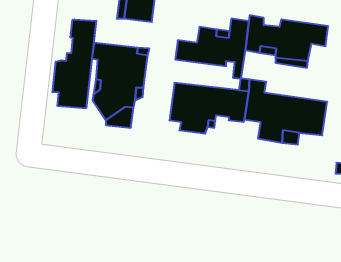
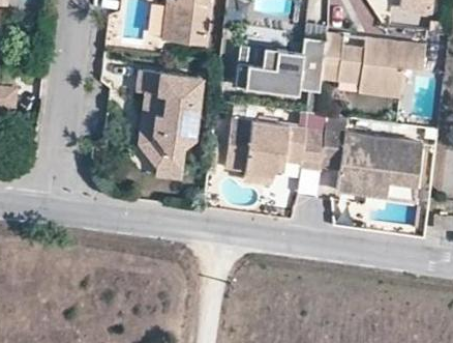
building: [52,19,96,108] -> none

